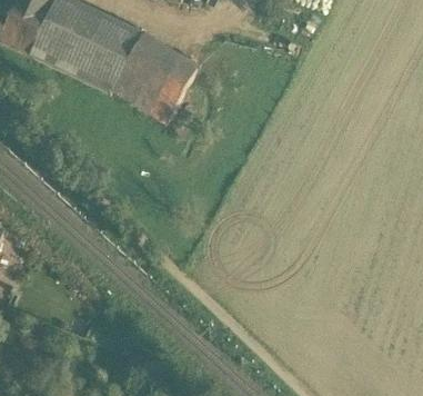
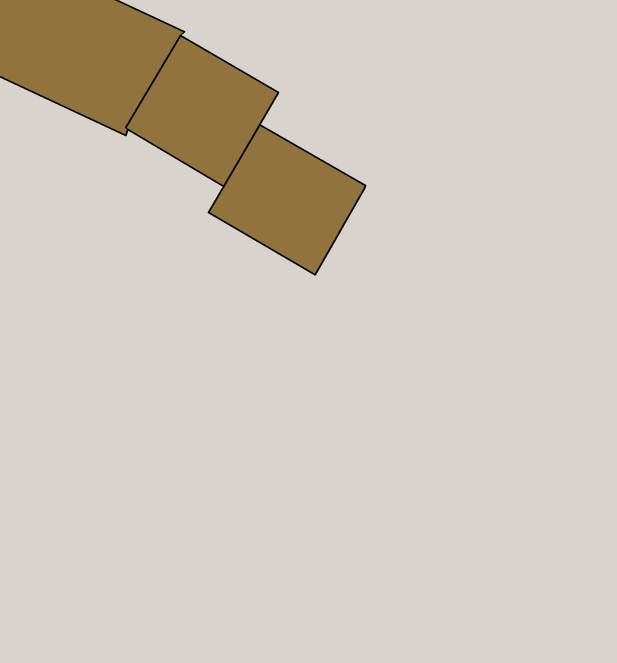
building: none -> [208,125,365,275]

